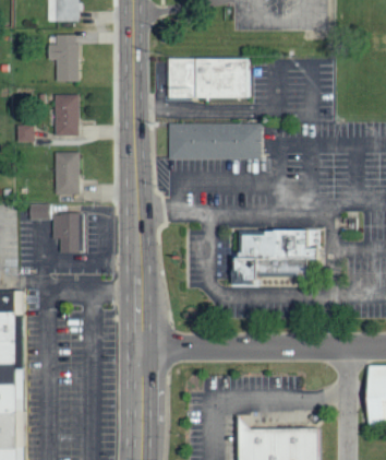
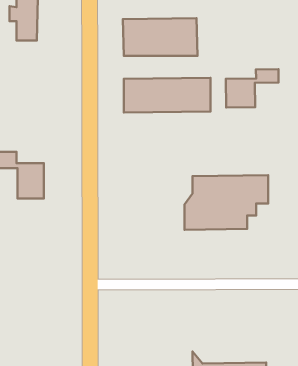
building: [43,94,75,137] -> none
building: none -> [226,69,279,108]
building: [50,152,76,194] -> none

